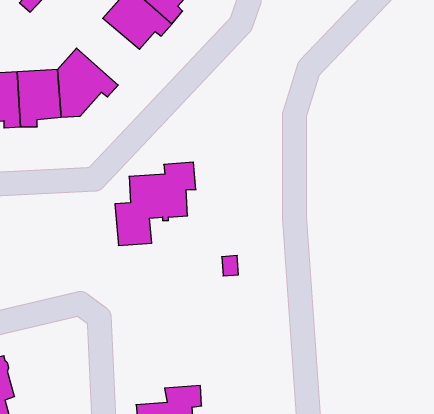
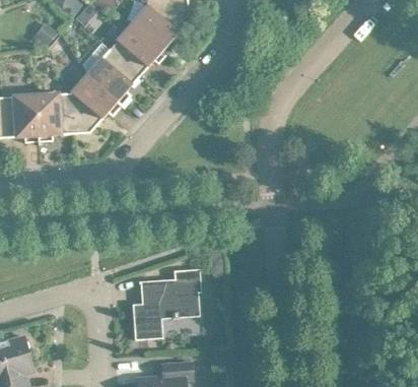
building: none -> [85,48,139,105]
building: [115,162,196,246] -> [131,267,200,338]

